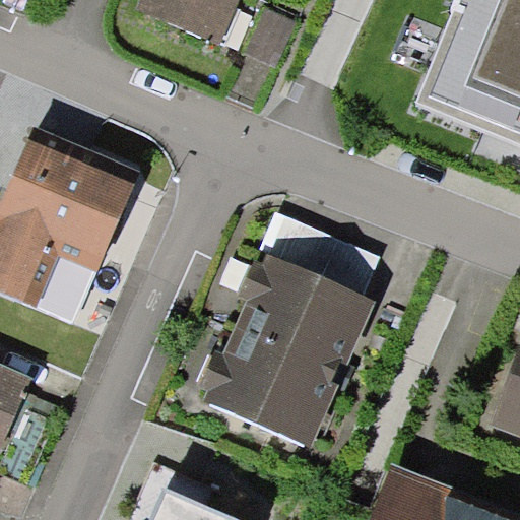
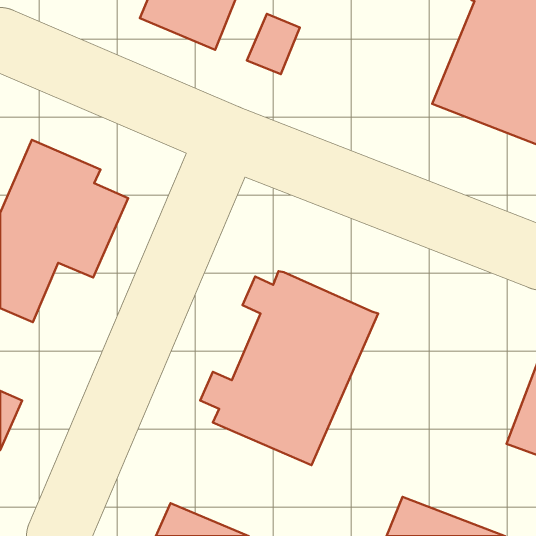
building: [262,213,379,299] -> none

